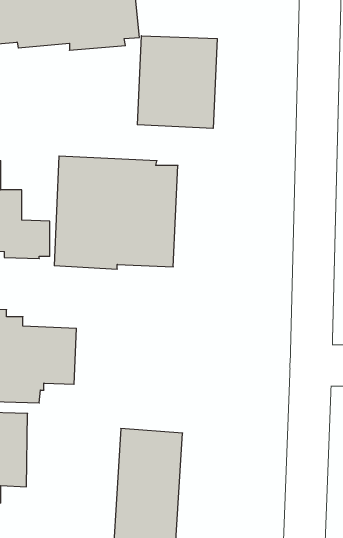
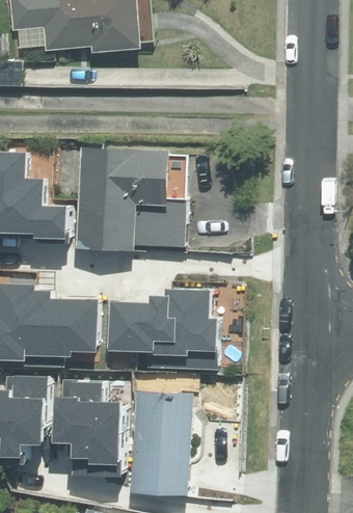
building: [137,36,217,128] -> none
building: none -> [108,290,218,370]
building: none -> [62,379,131,473]

